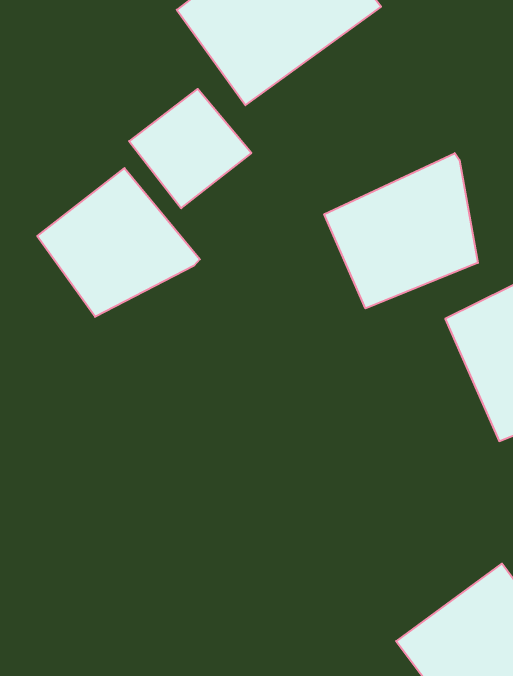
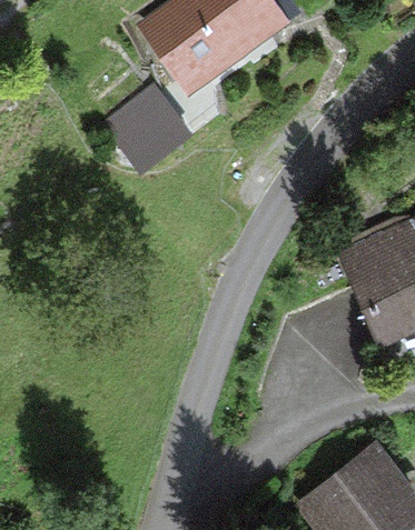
building: [324,153,478,308] -> none
building: [37,168,200,317] -> none

